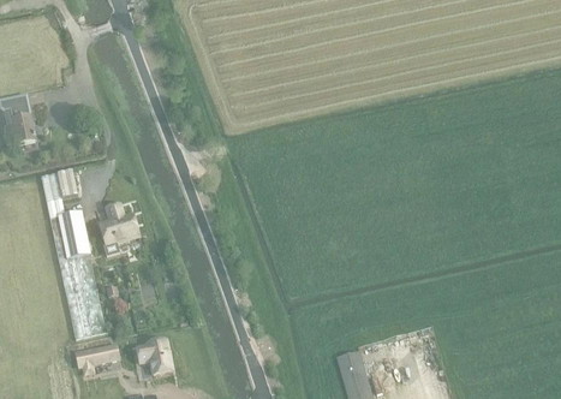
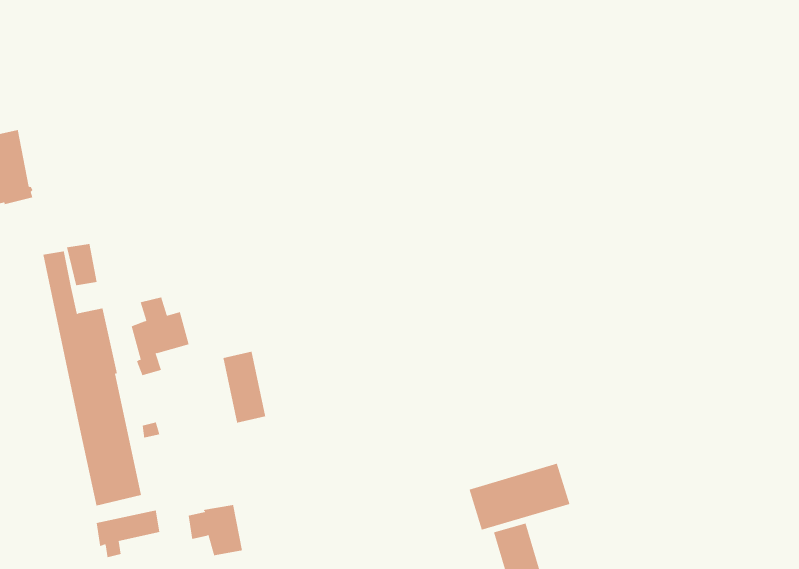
building: none -> [223,351,266,423]
building: none -> [469,463,570,531]

